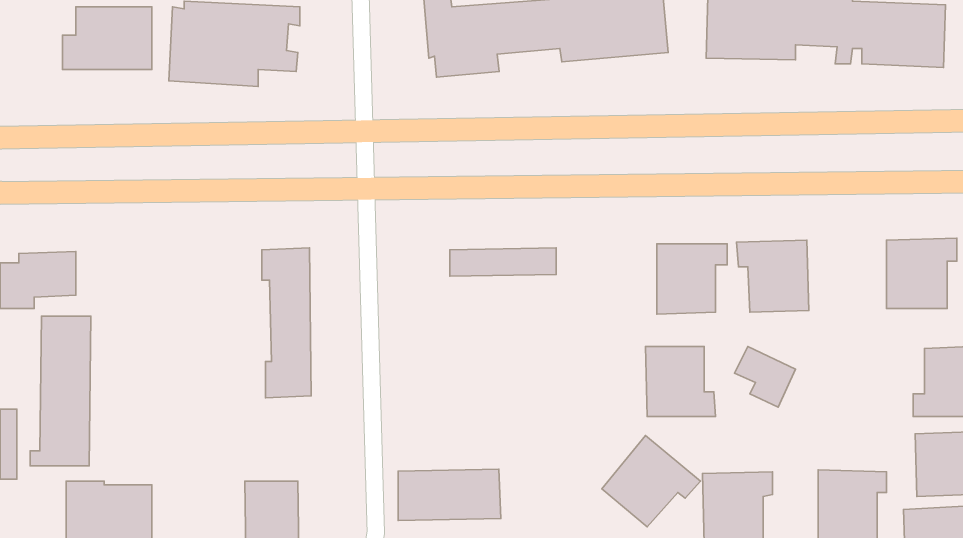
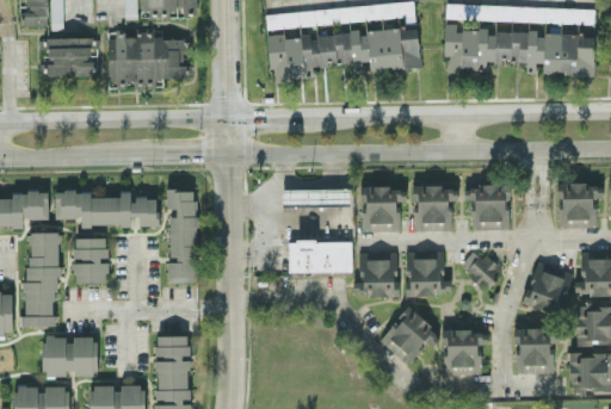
building: none -> [362,187,406,233]
building: none -> [55,191,159,228]
building: none -> [74,238,107,284]
building: none -> [353,252,399,297]
building: none -> [524,264,573,315]
building: [398,469,501,521] -> [289,241,353,273]

